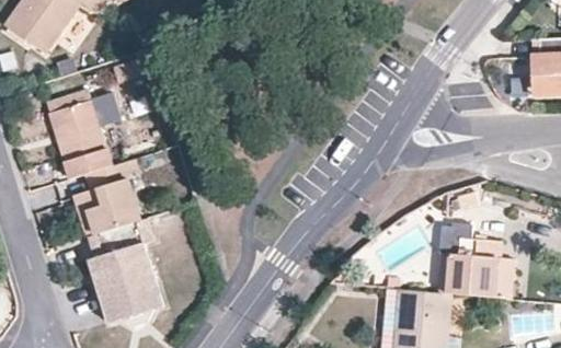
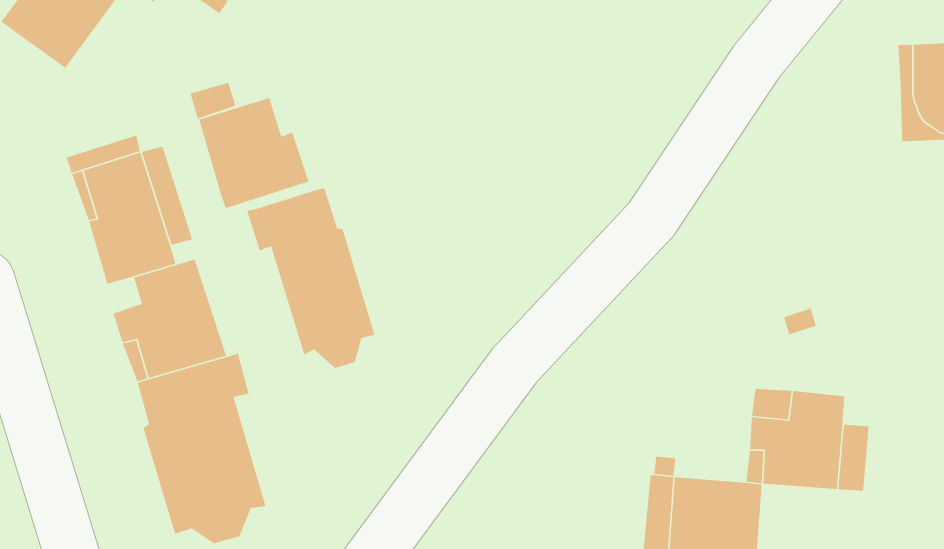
building: none -> [198,97,310,209]
building: none -> [246,187,376,369]

